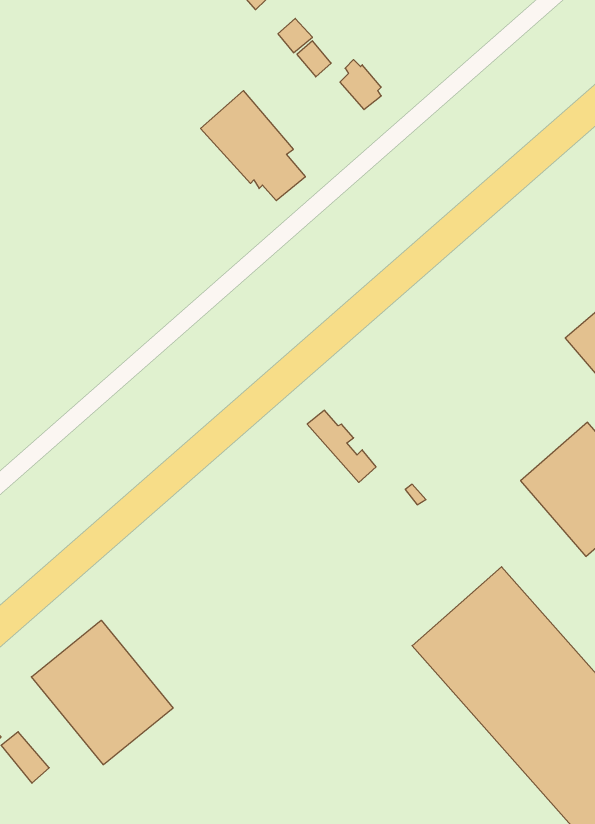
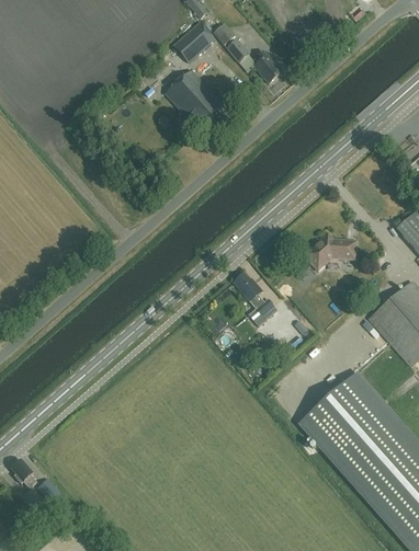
building: none -> [173,21,215,61]
building: none -> [305,236,355,269]
building: [31,620,173,765] -> none

